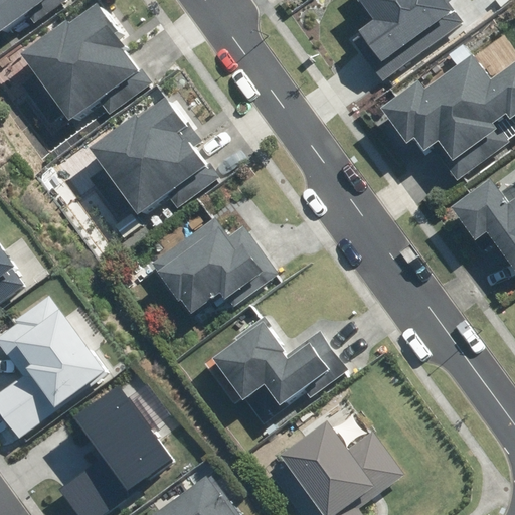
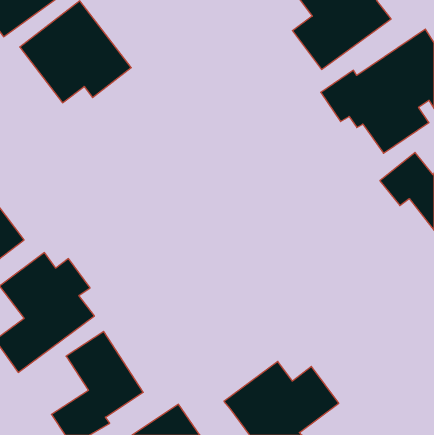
building: [94,96,216,216] -> none
building: [156,216,278,314] -> none
building: [211,315,344,422] -> none

